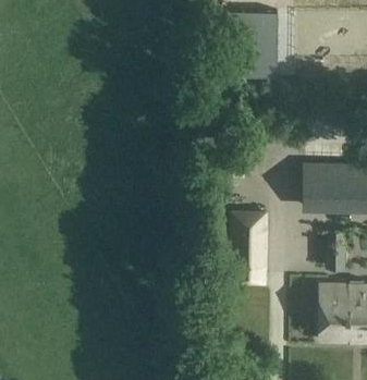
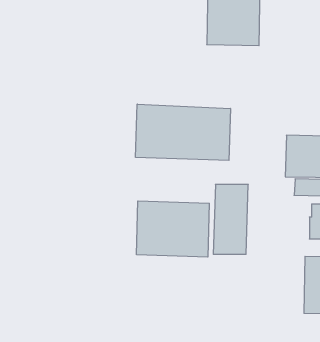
building: none -> [136,104,230,160]
building: none -> [137,201,209,257]

